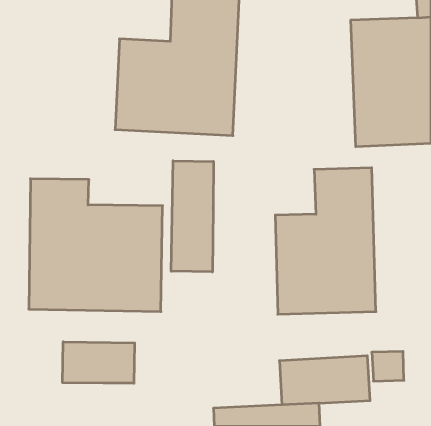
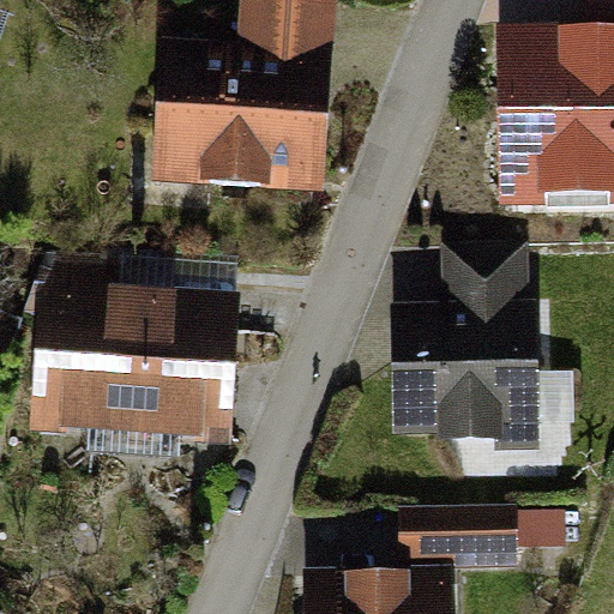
building: [171,161,213,272] -> none
building: [63,342,135,383] -> none

